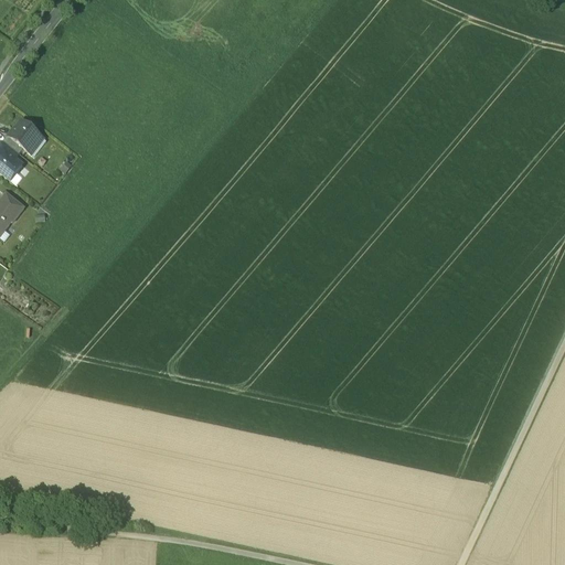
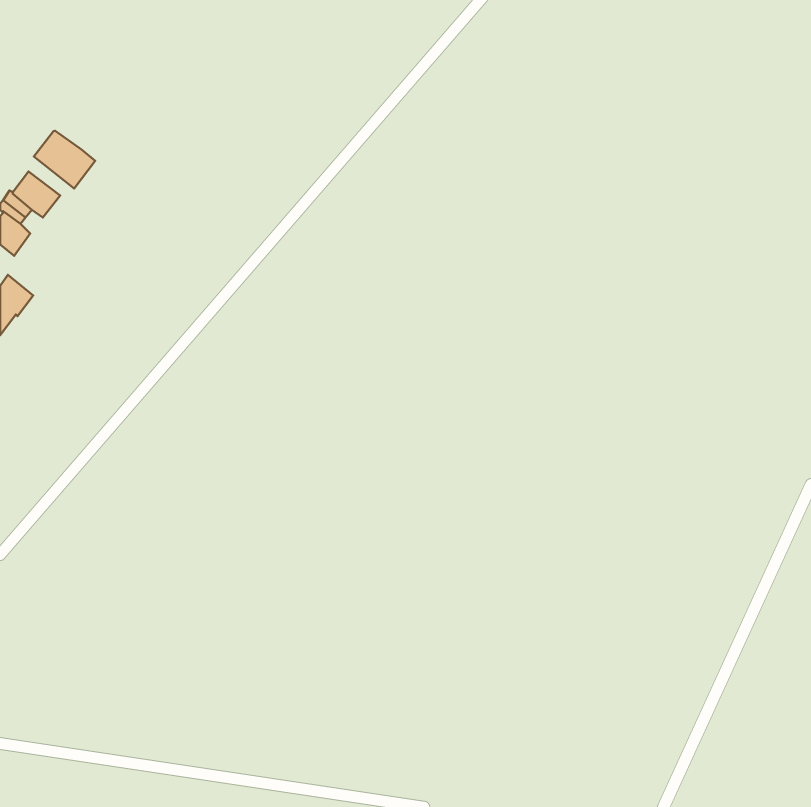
building: none -> [34,131,95,188]

